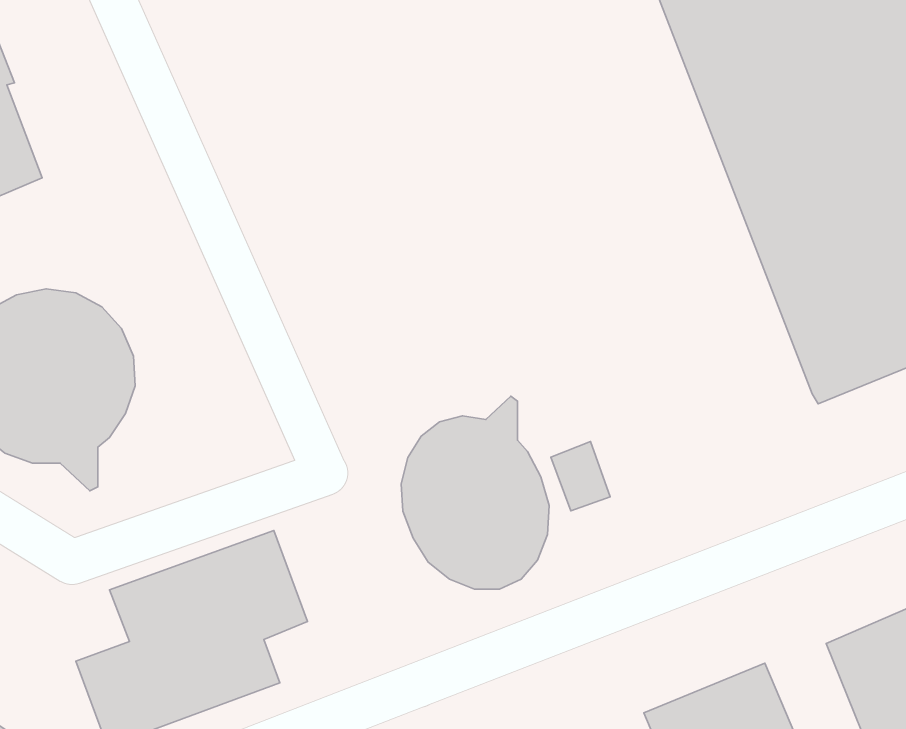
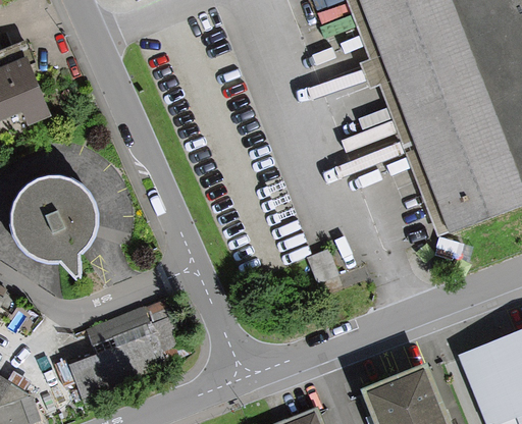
building: [401,396,549,589] -> none

